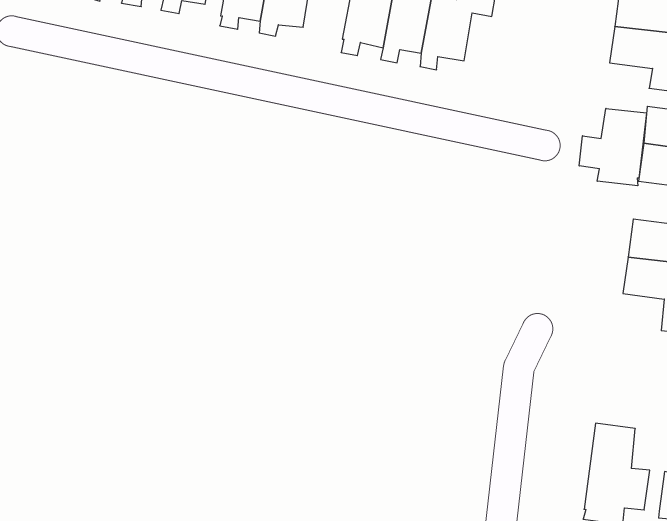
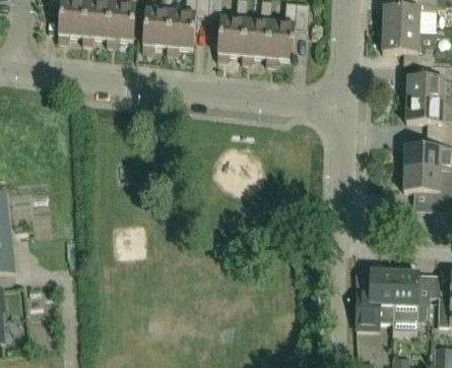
building: [579,108,646,186] -> none
building: none -> [357,267,394,324]

